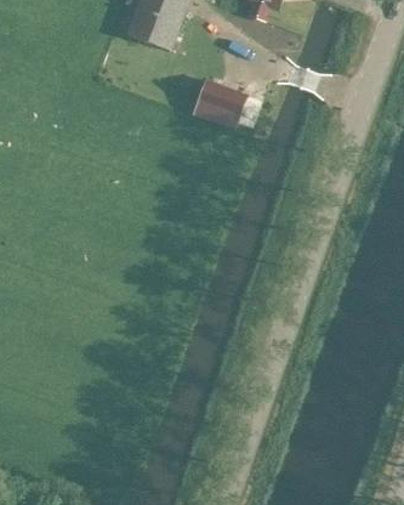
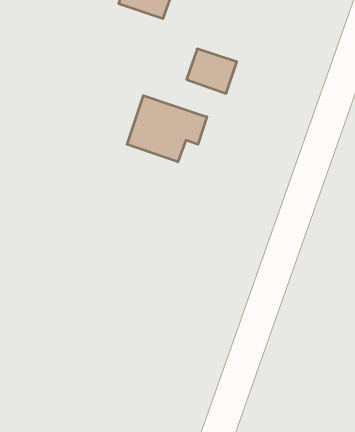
building: none -> [127,96,207,162]

